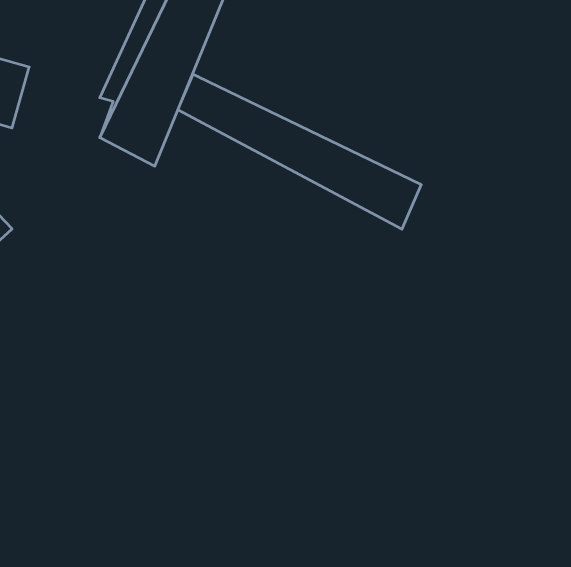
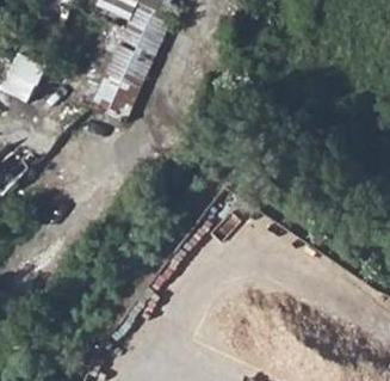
building: [178,74,421,229] -> none

